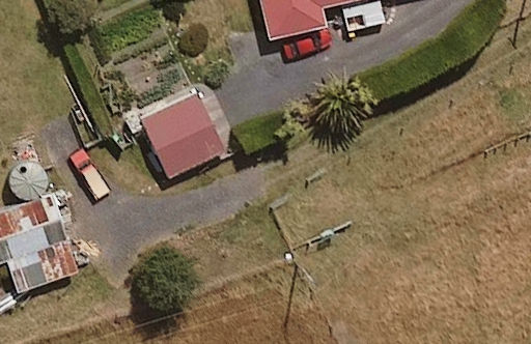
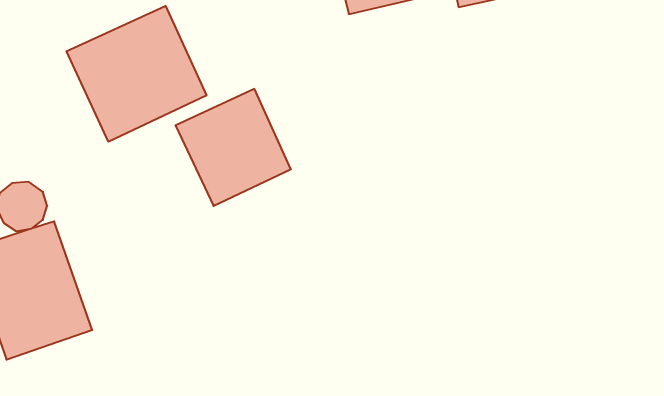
building: none -> [67,6,206,142]

